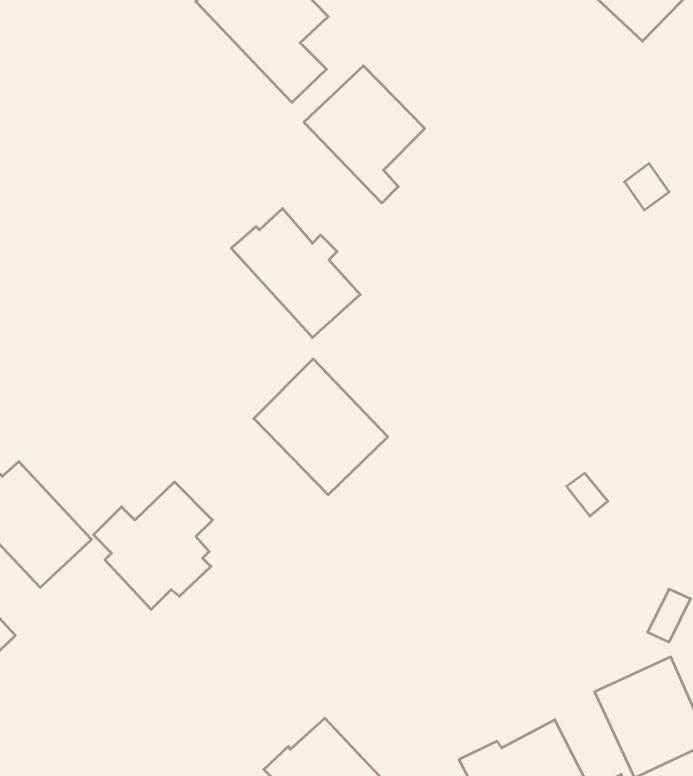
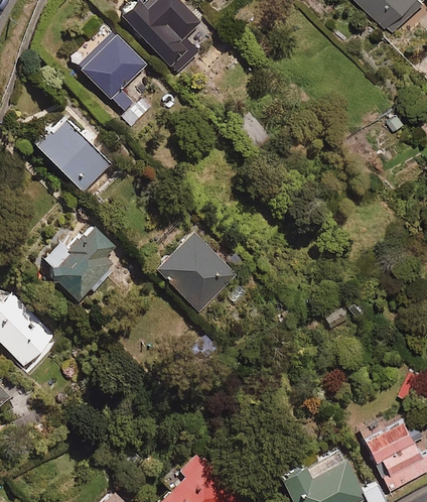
building: [304,66,425,203] -> [78,31,151,115]
building: [231,208,360,338] -> [33,114,112,193]
building: [93,482,213,609] -> [43,223,116,300]

